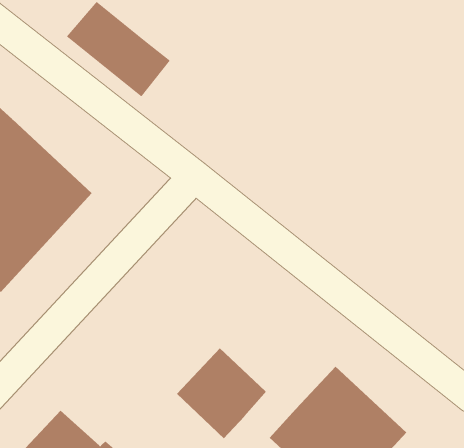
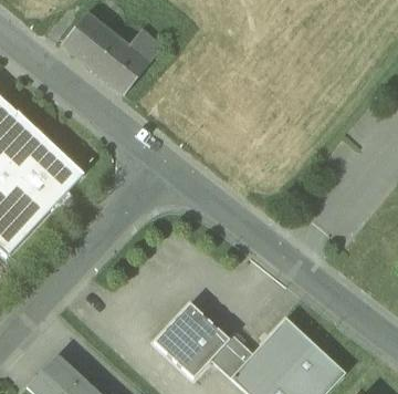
building: none -> [127,30,163,64]
building: none -> [210,335,252,379]

